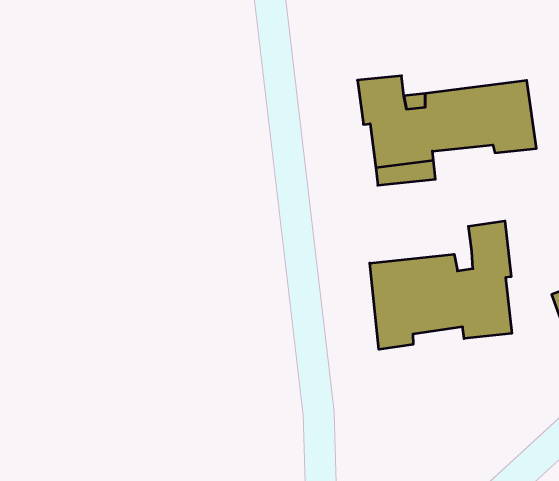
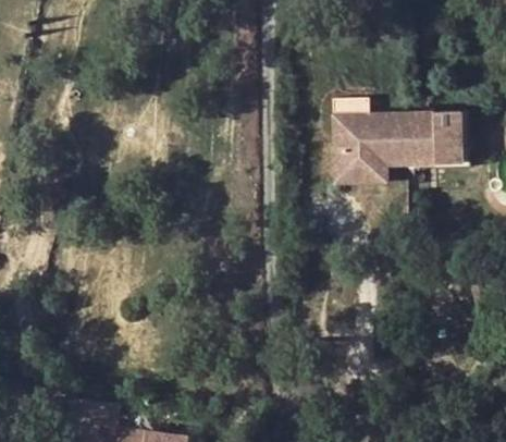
building: [370,221,512,349] -> none

